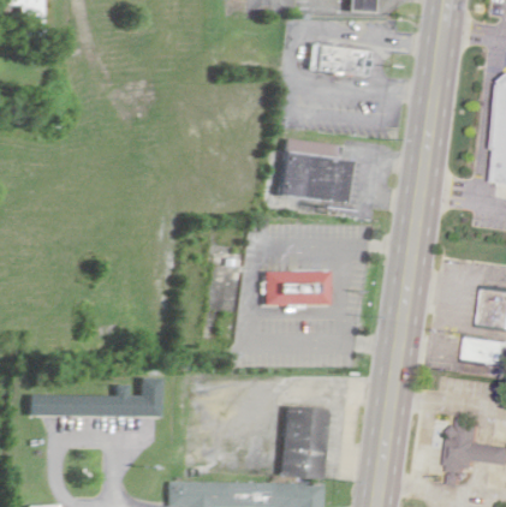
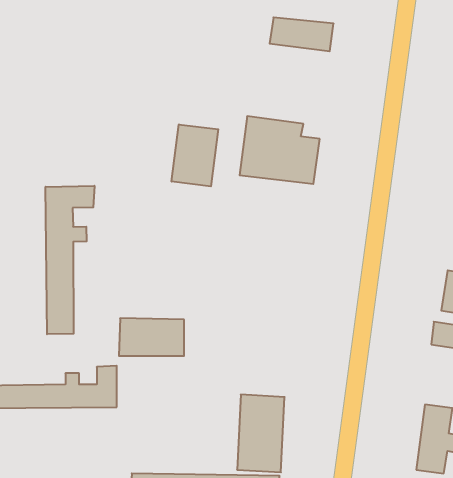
building: none -> [172,124,218,186]
building: none -> [46,186,94,334]
building: [264,270,327,306] -> [119,318,184,356]

